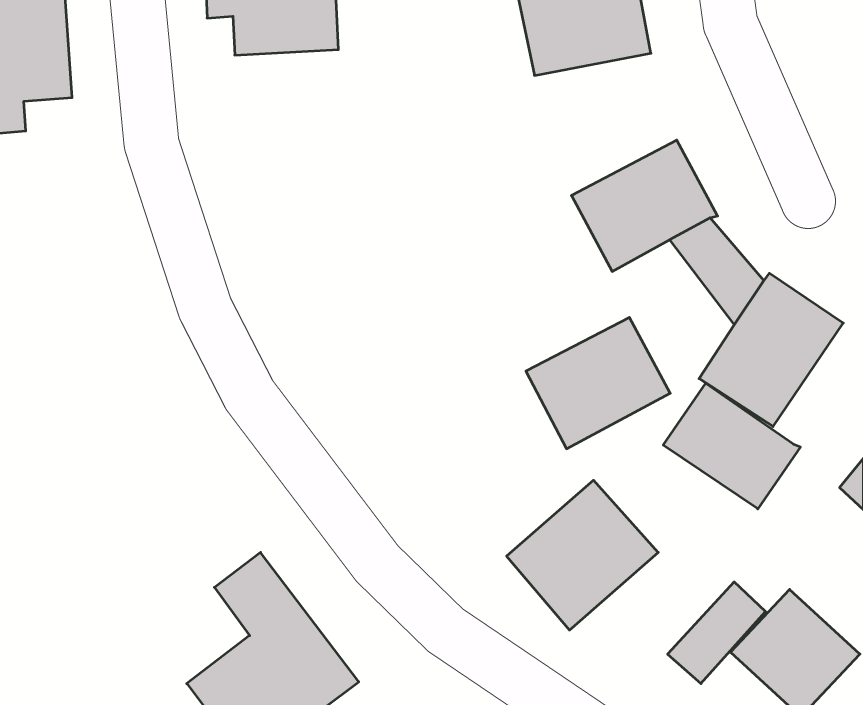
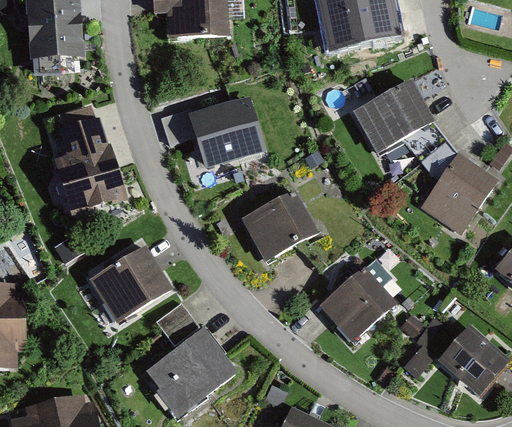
building: none -> [187,101,260,166]
building: none -> [53,115,124,216]
building: [526,317,670,449] -> [240,190,318,261]
building: [663,383,800,509] -> none
building: none -> [90,245,171,323]

